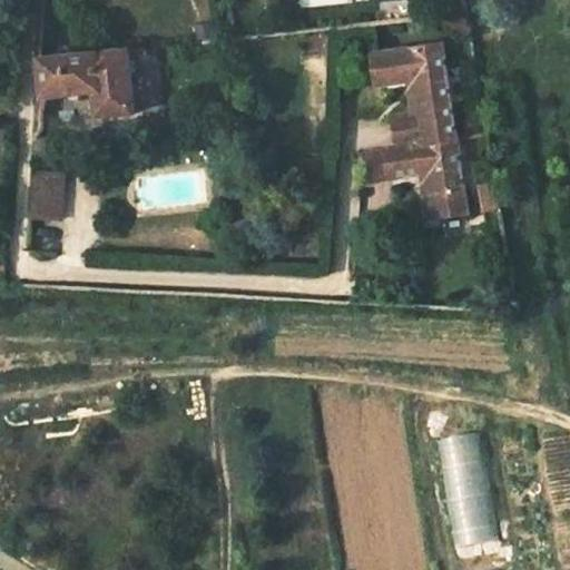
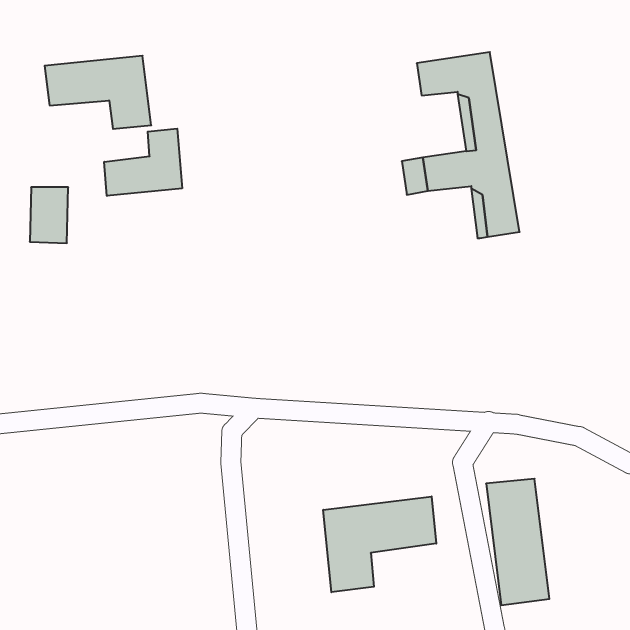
building: none -> [104,129,182,196]
building: none -> [323,496,436,592]

